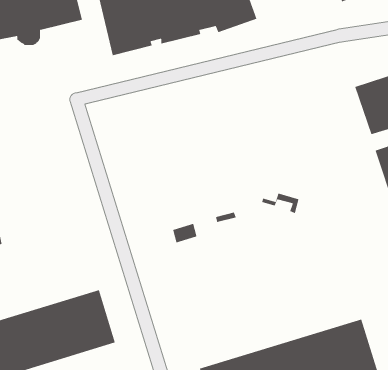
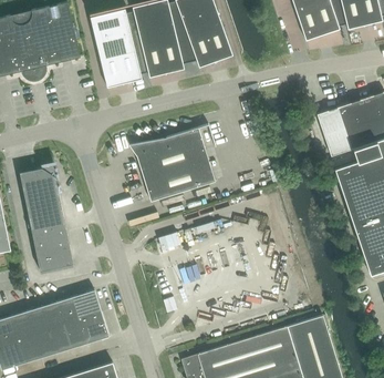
building: none -> [128,127,215,202]
building: none -> [20,166,73,272]

